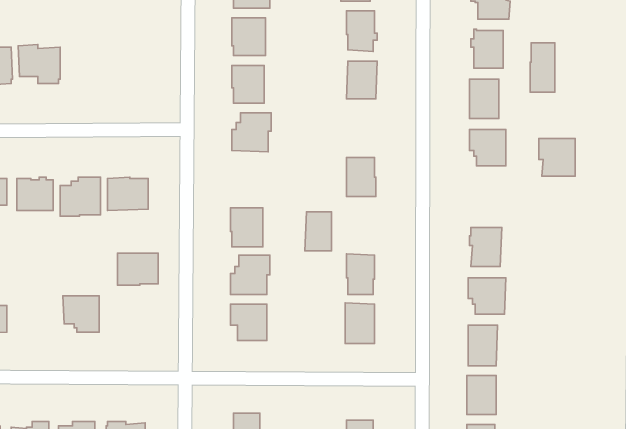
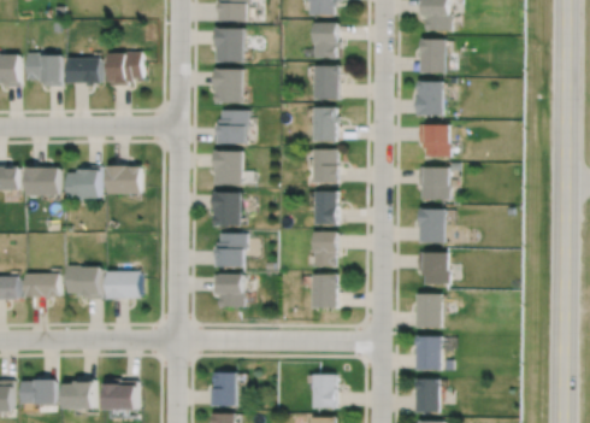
building: [530,43,555,92] -> none
building: none -> [107,52,142,86]
building: none -> [71,58,100,86]
building: none -> [312,107,338,141]
building: [539,138,575,176] -> [418,168,449,200]
building: none -> [212,152,241,186]
building: [305,212,332,251] -> [313,192,336,225]
building: [118,253,158,285] -> [105,272,140,300]
building: none -> [26,275,60,300]

